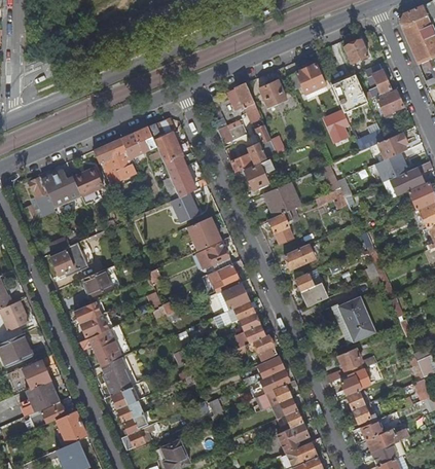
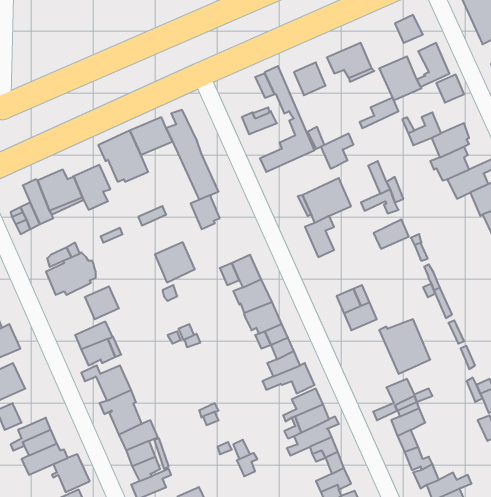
building: [245,159,273,189] -> [321,134,354,169]
building: [187,217,221,251] -> [155,242,195,282]
building: [285,244,315,268] -> [374,220,409,249]
building: [22,362,49,389] -> none

